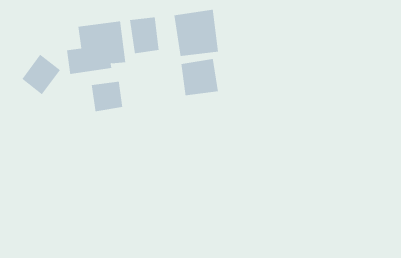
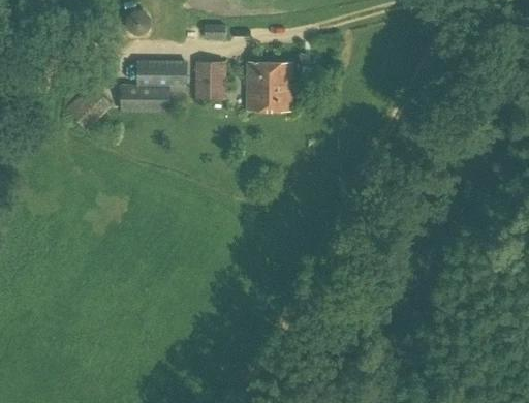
building: [181,58,218,96] -> none
building: [91,81,123,112] -> none

